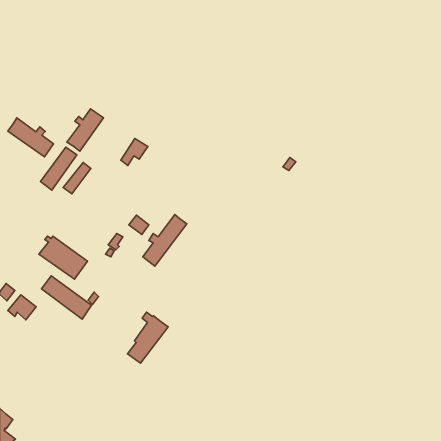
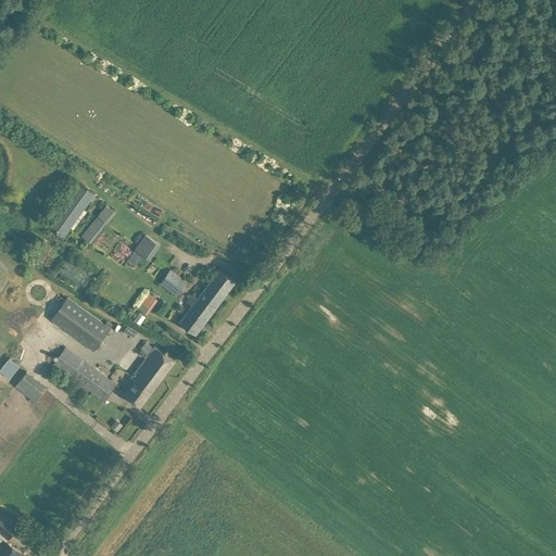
building: [67,109,103,151] -> none
building: [8,118,54,157] -> none
building: [121,139,148,165] -> [126,235,160,268]
building: [128,312,168,363] -> [123,343,174,407]

